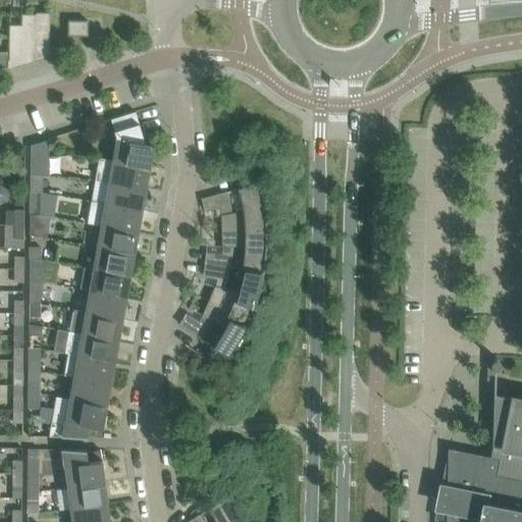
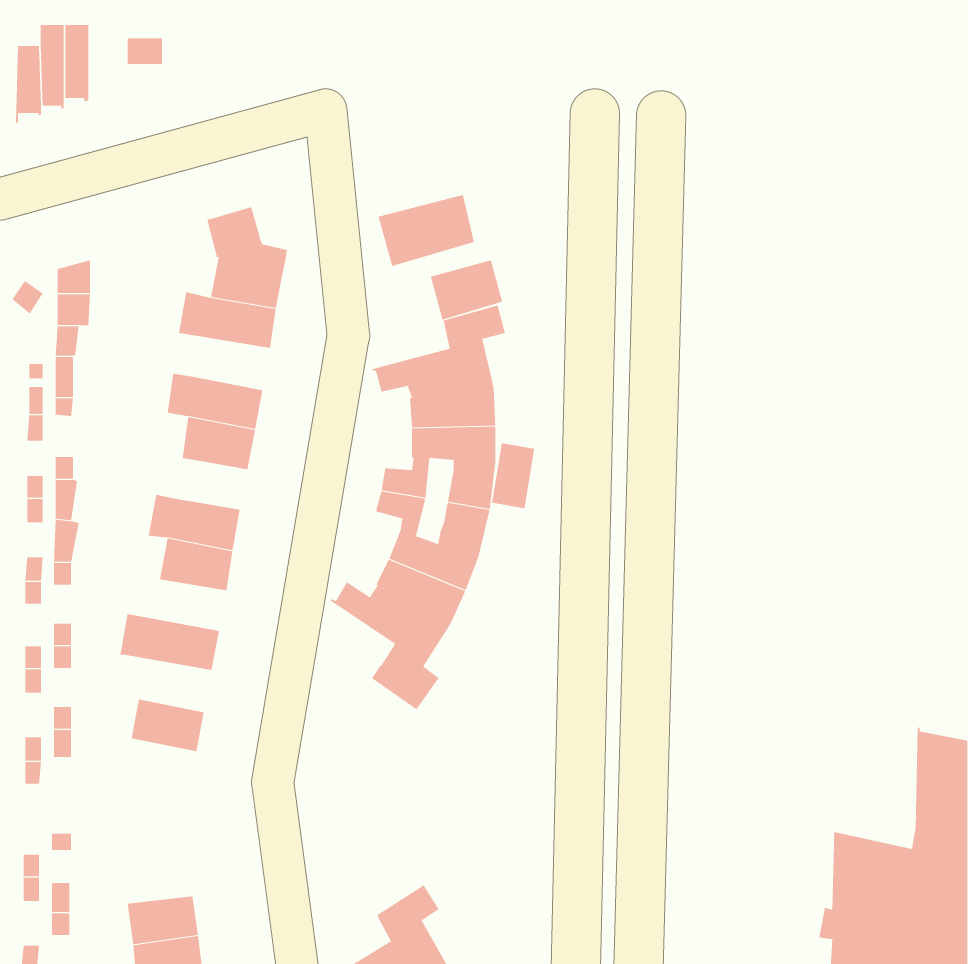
building: none -> [378,194,474,267]
building: none -> [430,260,503,320]
building: [105,184,146,212] -> none
building: none -> [491,442,535,509]
building: [94,249,134,276] -> none
building: [69,311,122,342] -> none
building: [64,355,114,385] -> none
building: [49,398,106,438] -> none
building: [62,451,104,488] -> none

